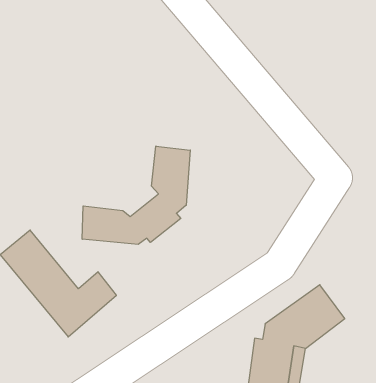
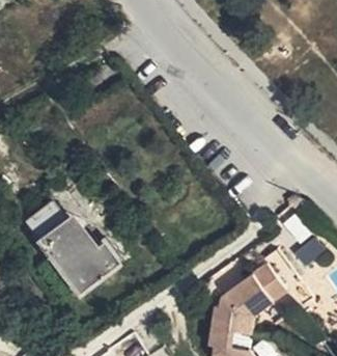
building: [82,146,190,244] -> none

